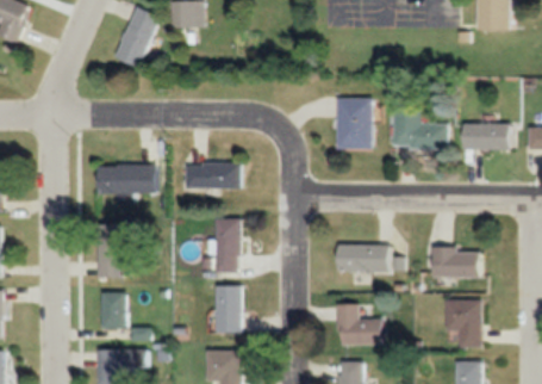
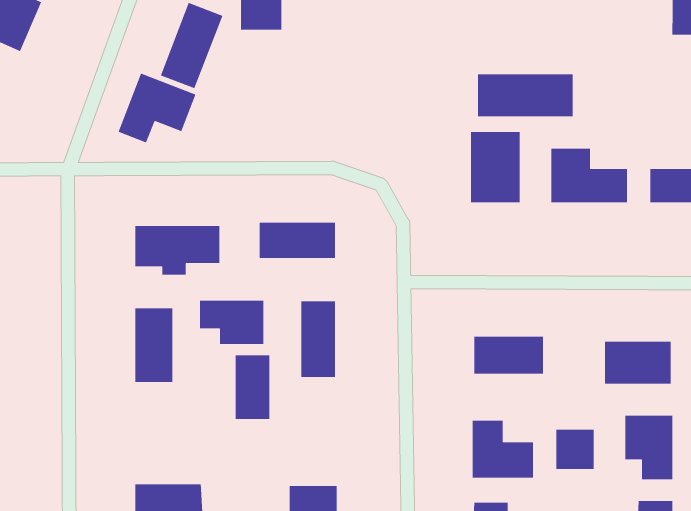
building: none -> [117,72,197,144]
building: none -> [477,73,573,117]
building: none -> [199,300,264,345]
building: [216,286,241,333] -> [235,354,270,420]
building: [100,291,125,328] -> none
building: none -> [556,429,595,470]

